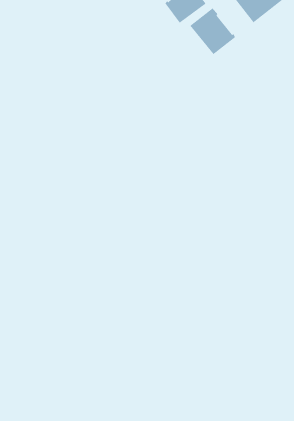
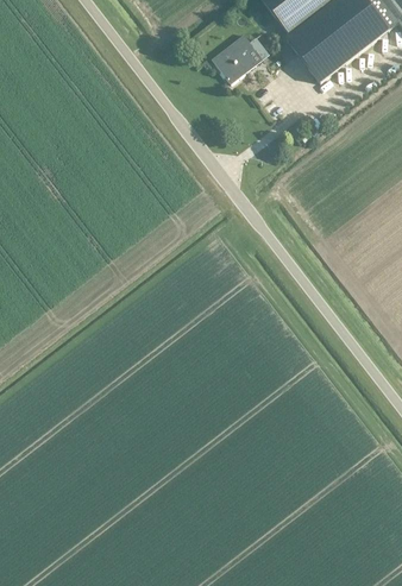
building: [190,7,236,56] -> none

